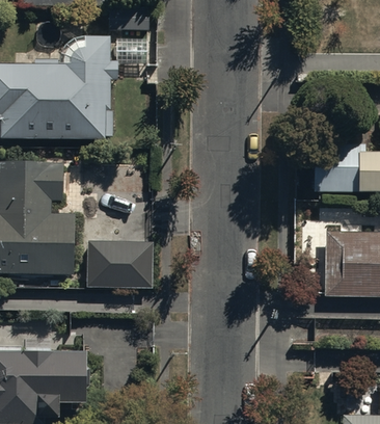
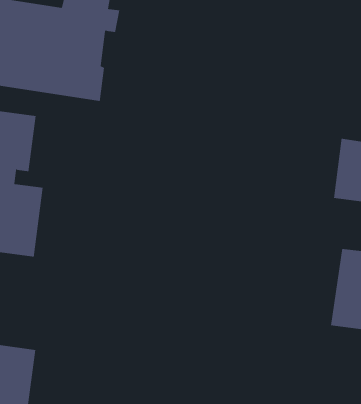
building: [105,241,154,287] -> none

